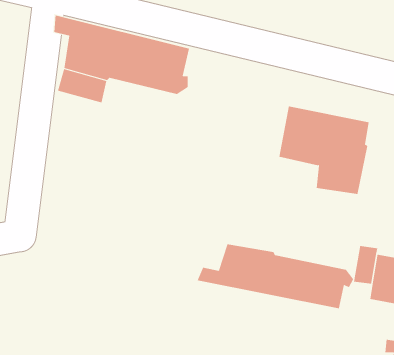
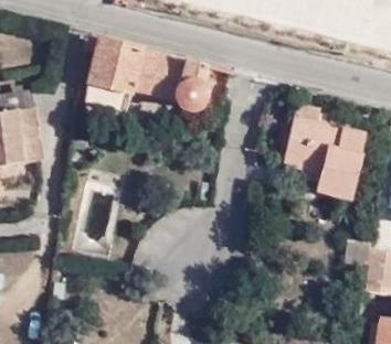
building: [197,243,354,309] -> none

